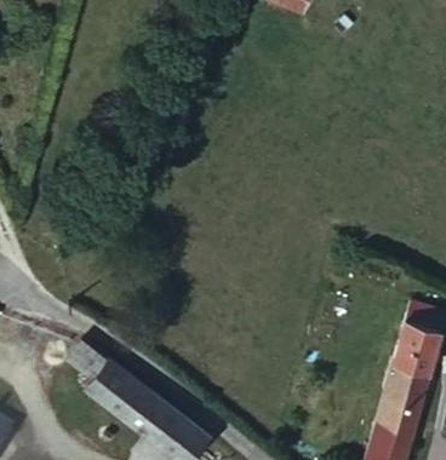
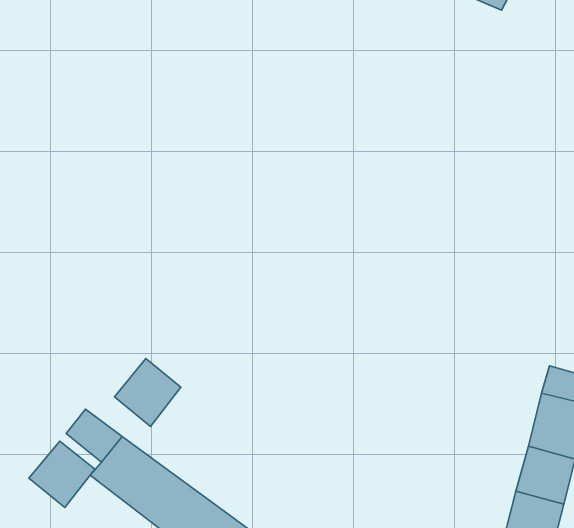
building: none -> [115,358,181,427]
building: none -> [29,441,95,507]

